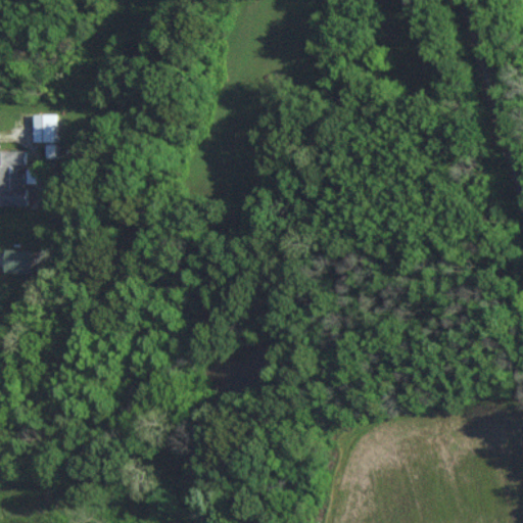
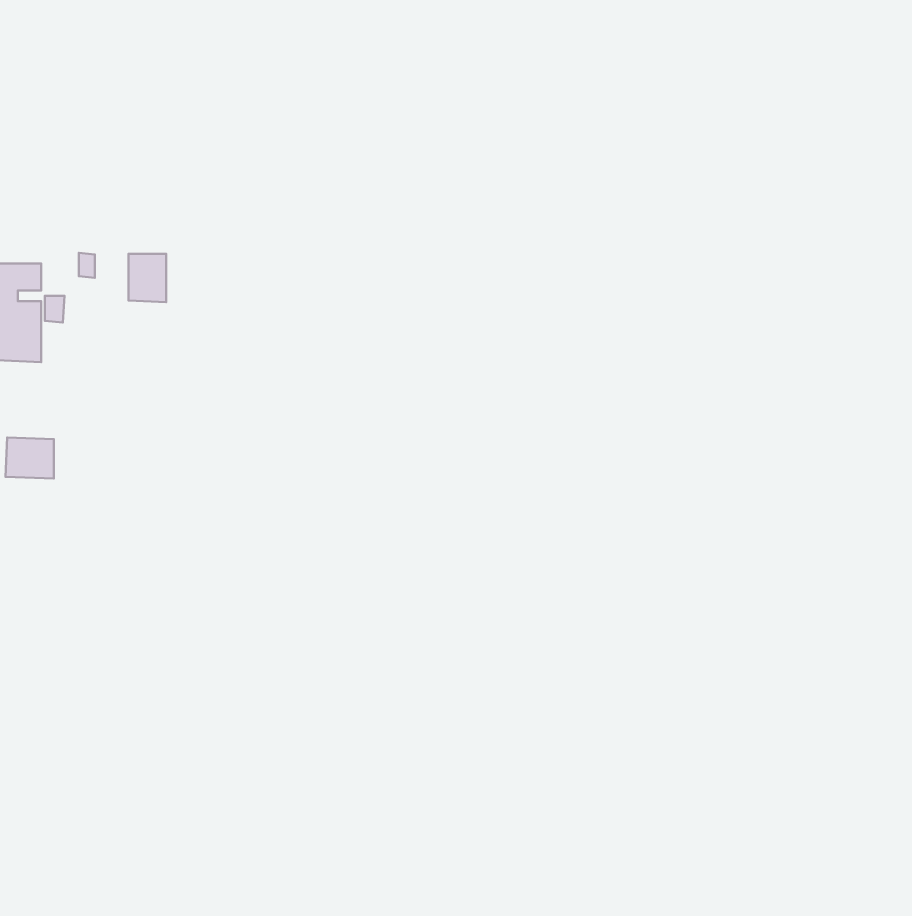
building: [33,114,54,142] -> [128,254,166,302]

